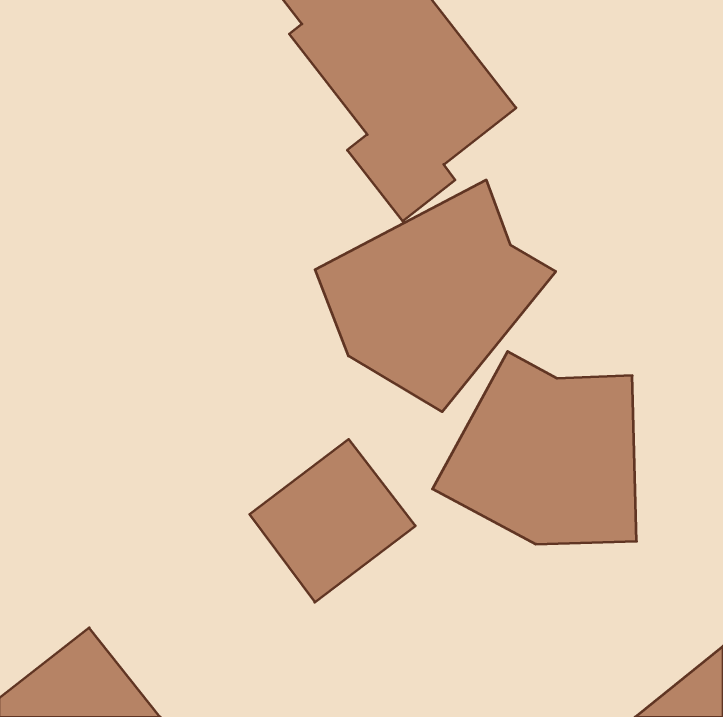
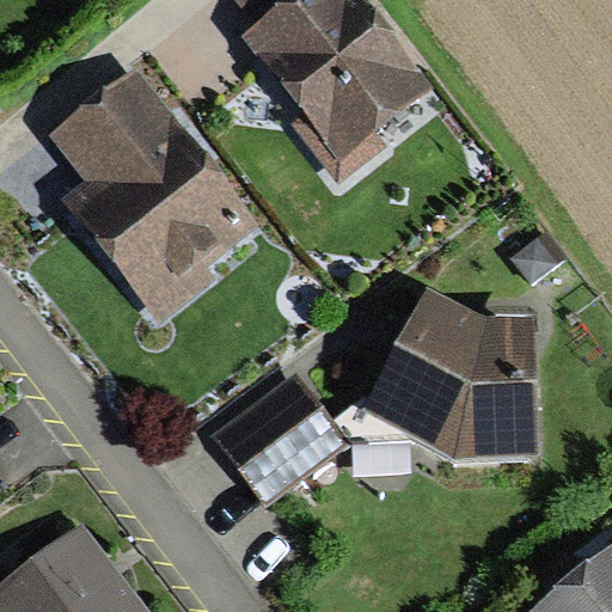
building: none -> [47,66,253,320]
building: [315,180,556,412] -> none

